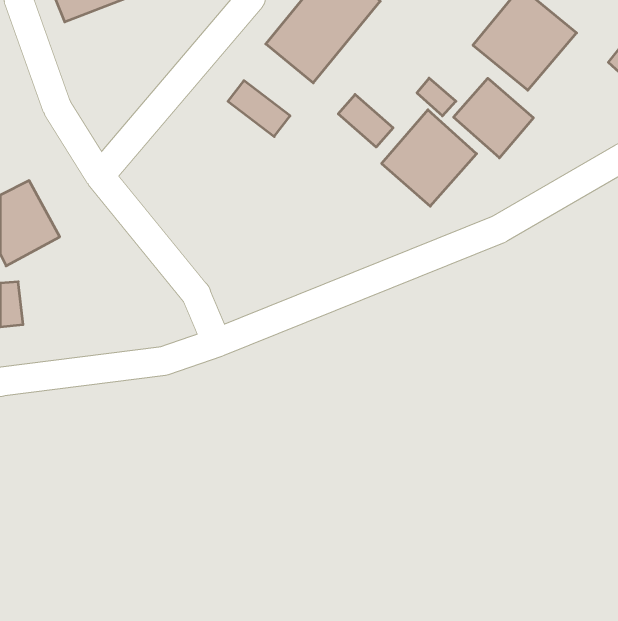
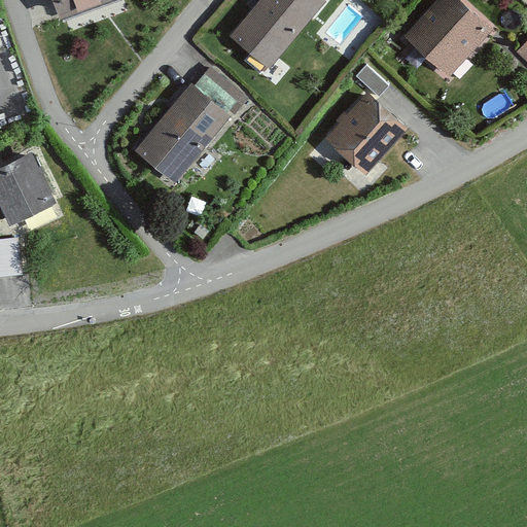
building: [454,78,533,158] -> none
building: [338,94,393,147] -> none
building: none -> [135,82,230,183]

